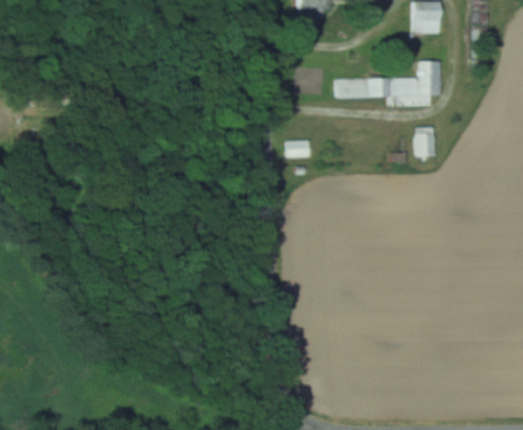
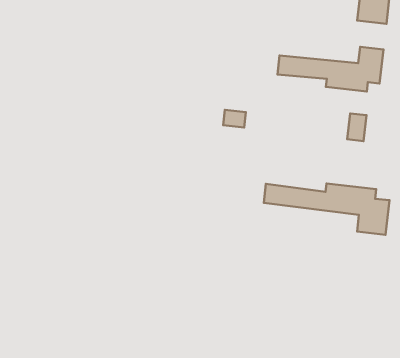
building: none -> [264,184,389,235]

